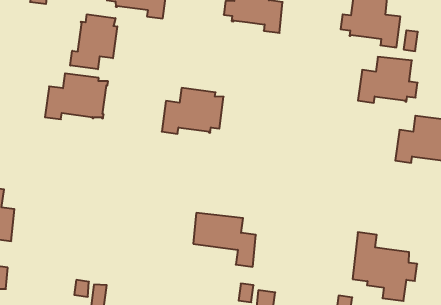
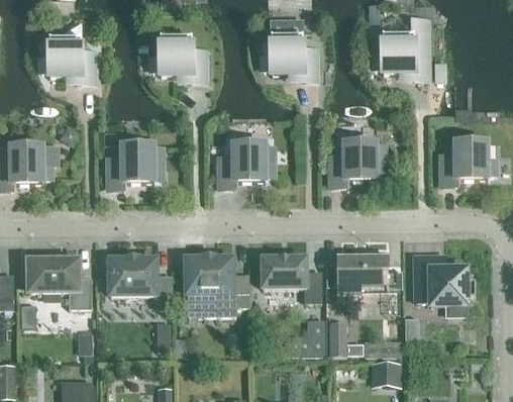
building: [70,14,117,69] -> none
building: [358,57,418,103] -> [330,140,384,185]
building: none -> [109,258,173,306]
building: none -> [186,257,248,314]
building: none -> [337,249,402,294]

